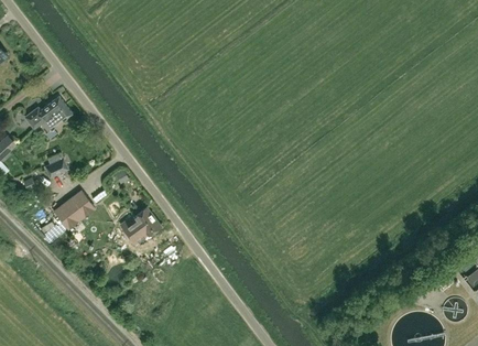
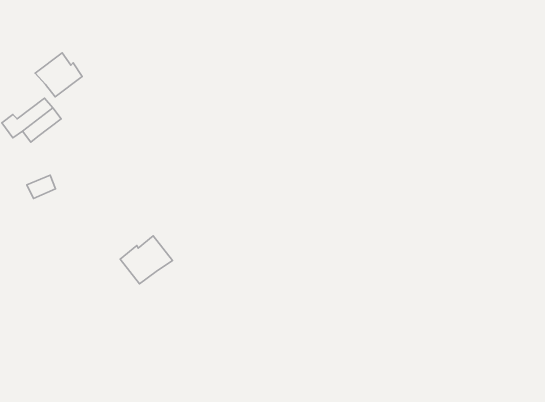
building: none -> [35,53,82,97]
building: [54,191,94,228] -> none

